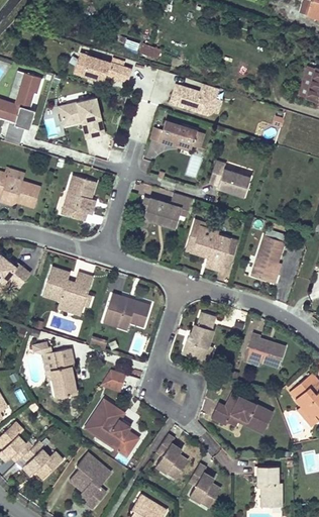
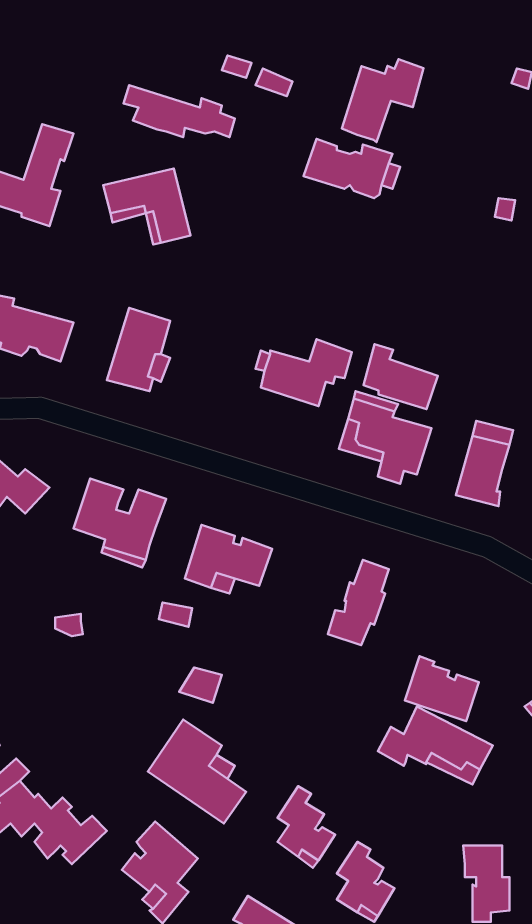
building: none -> [342,59,423,142]
building: [160,122,198,149] -> none
building: [209,160,249,195] -> [364,344,438,409]
building: [245,333,286,369] -> [405,656,479,721]
building: [50,348,76,398] -> none

